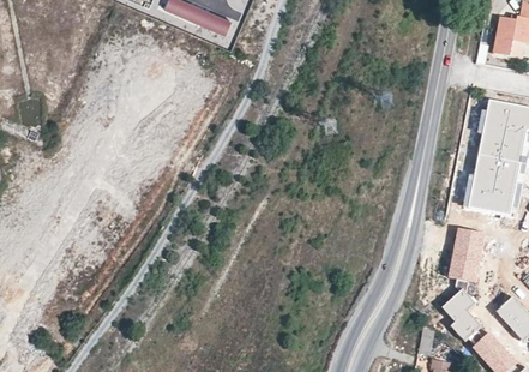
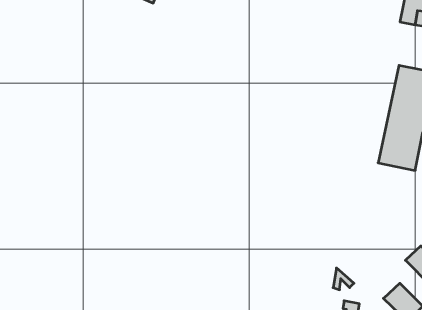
building: [449,228,485,281] -> none
building: [449,293,483,343] -> none

